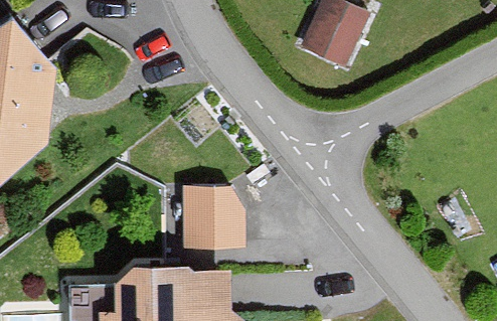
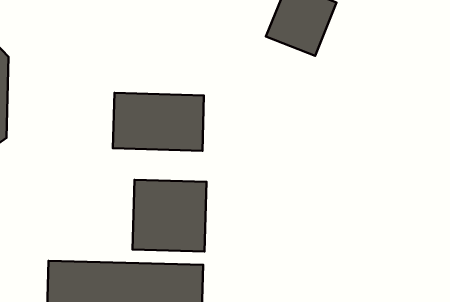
building: none -> [113,93,204,151]

